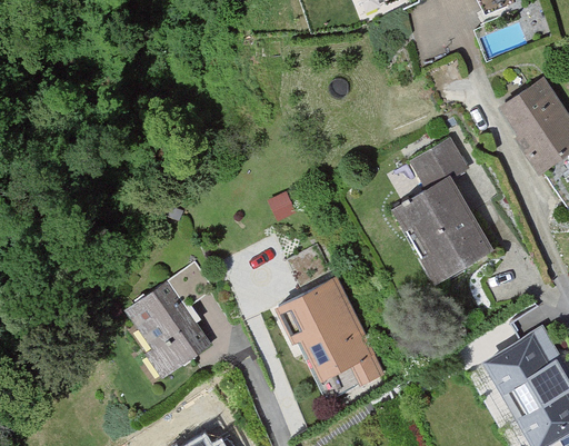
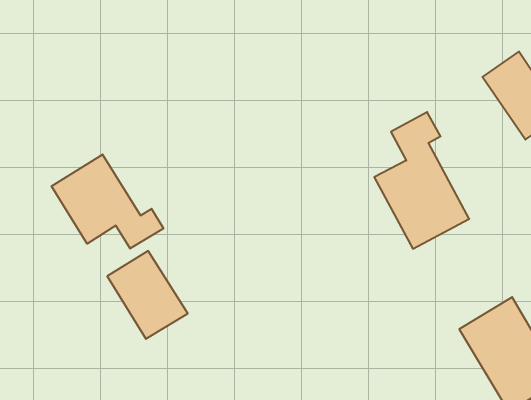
building: none -> [52,154,163,249]
building: [282,279,388,392] -> none

